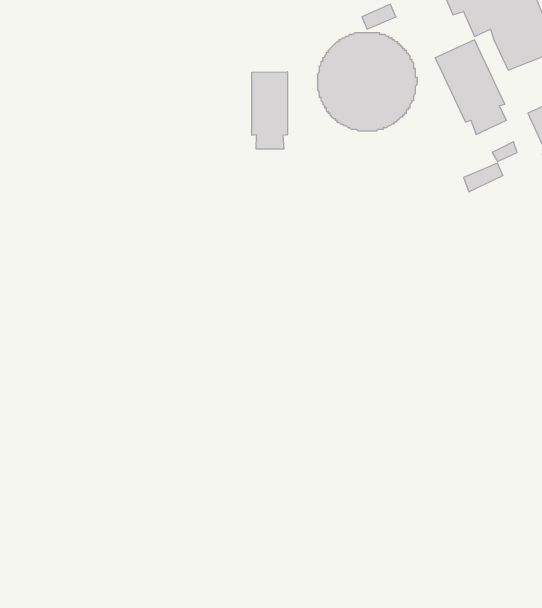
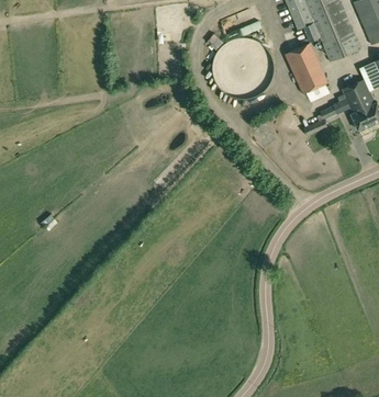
building: [252,72,287,149] -> none

